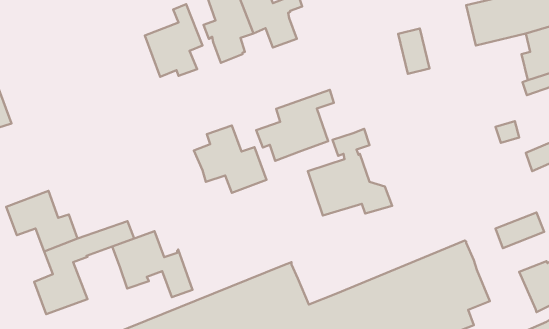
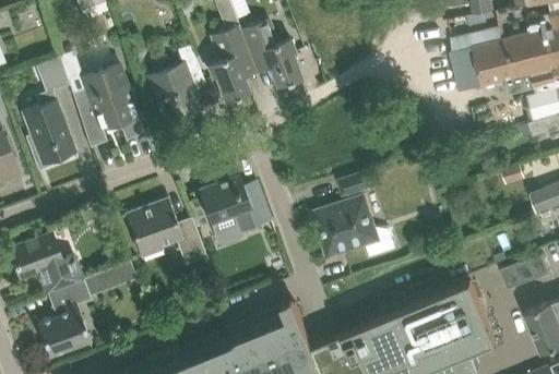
building: none -> [79,55,144,147]
building: none -> [22,56,76,167]
building: [398,28,430,74] -> [450,45,481,91]
building: [256,90,334,161] -> none
building: [112,231,192,297] -> [126,198,206,265]

